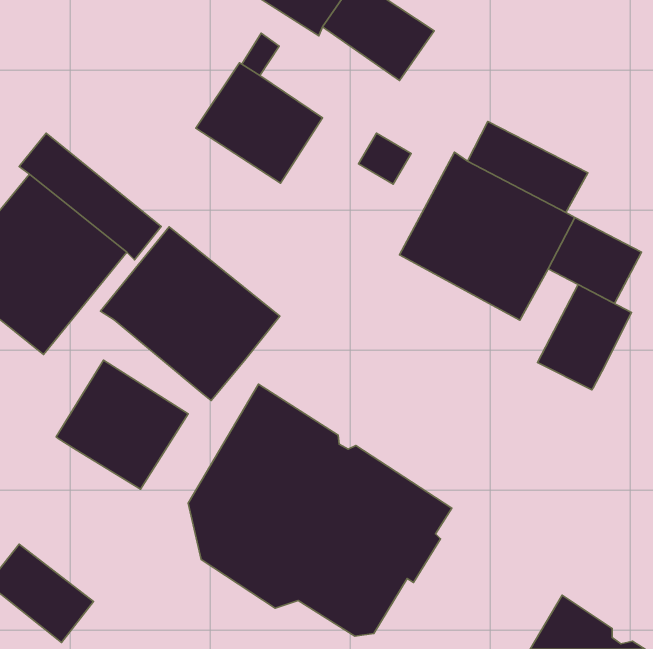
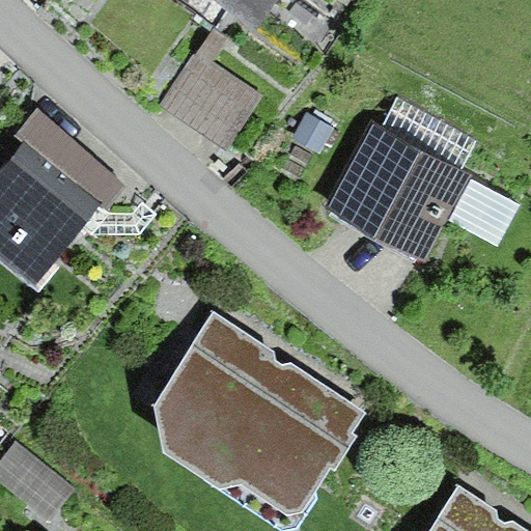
building: [101,227,280,400] -> none
building: [538,284,631,390] -> none
building: [56,360,188,489] -> none

